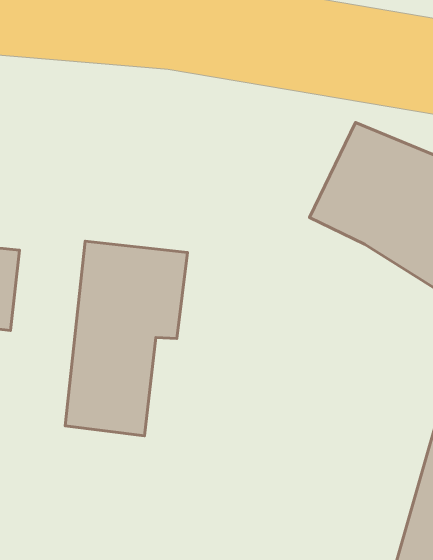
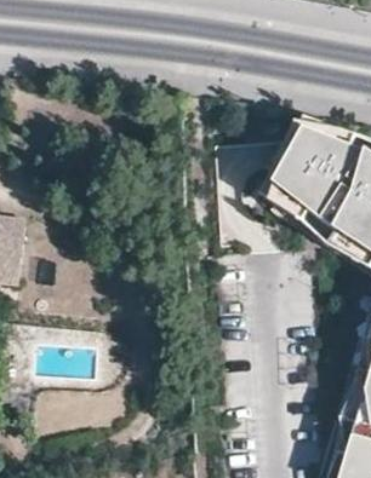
building: [65,241,187,436] -> none

